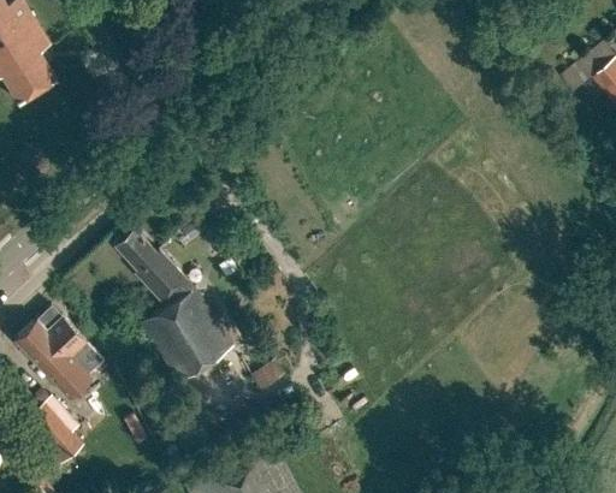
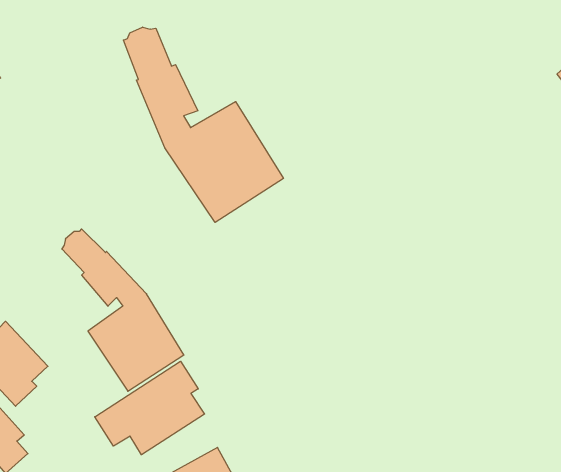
building: none -> [123,27,283,222]
building: none -> [95,361,205,455]

